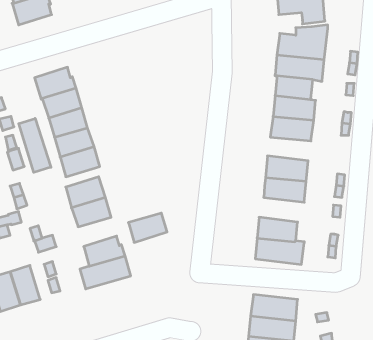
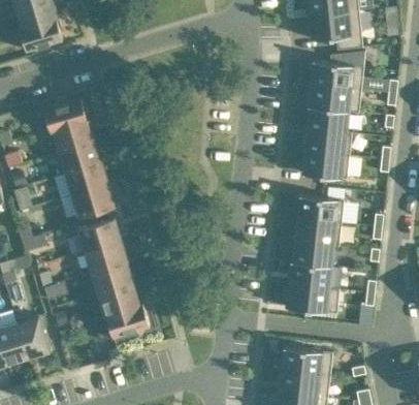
building: [19,118,51,172] -> none
building: none -> [289,240,339,267]
building: [128,213,167,242] -> [91,261,133,293]

